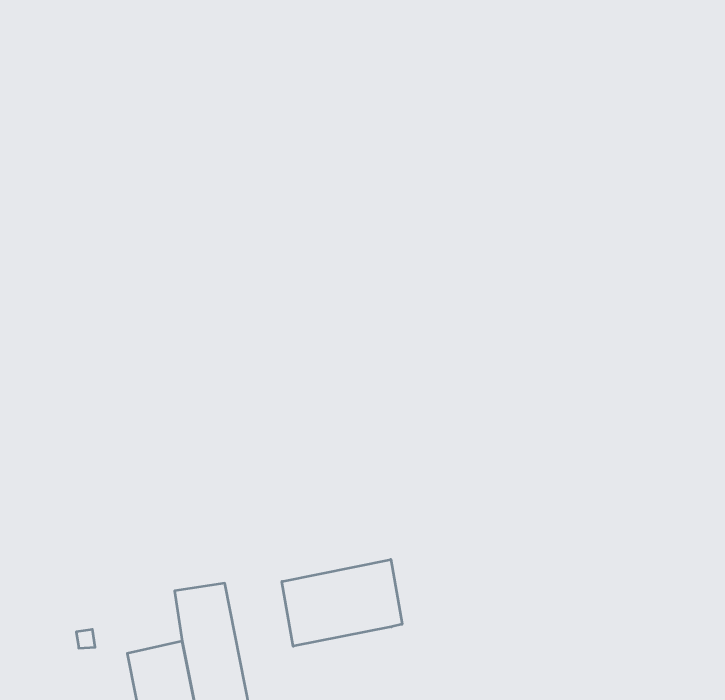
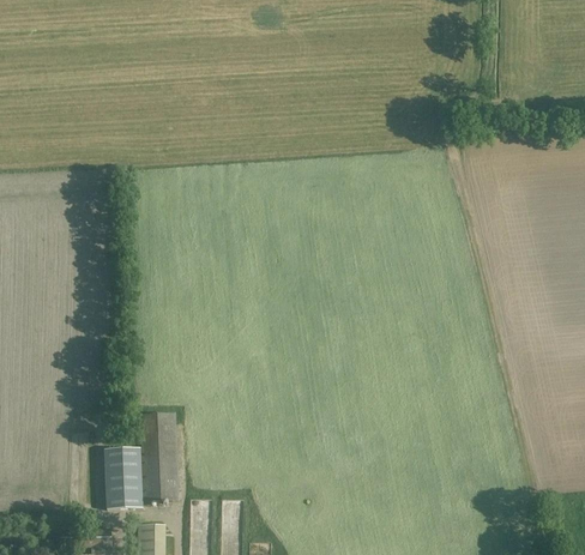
building: [282,559,402,646] -> none

